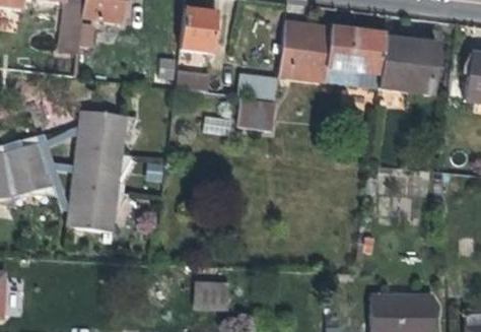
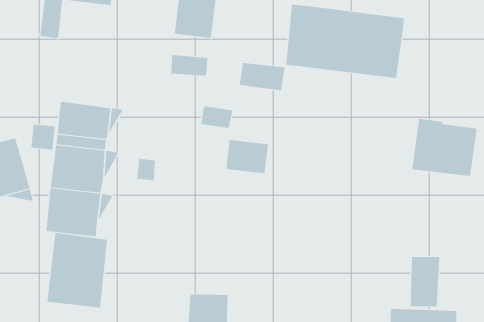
building: [379,44,437,95] -> [412,118,478,176]
building: [237,101,276,131] -> [225,140,269,174]
building: none -> [47,232,107,308]
building: none -> [410,256,440,307]

